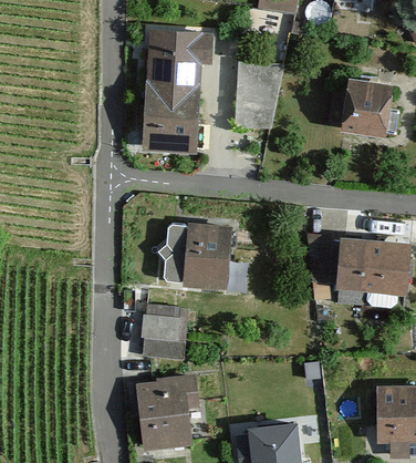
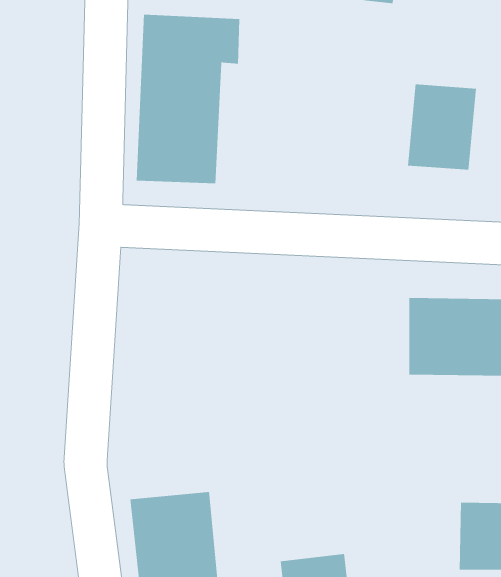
building: [233,56,280,125] -> none
building: [164,224,233,291] -> none
building: [142,300,184,354] -> none

